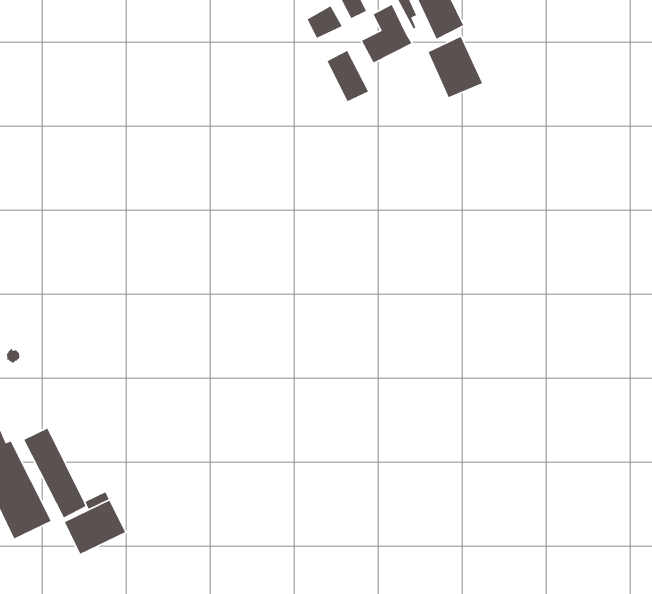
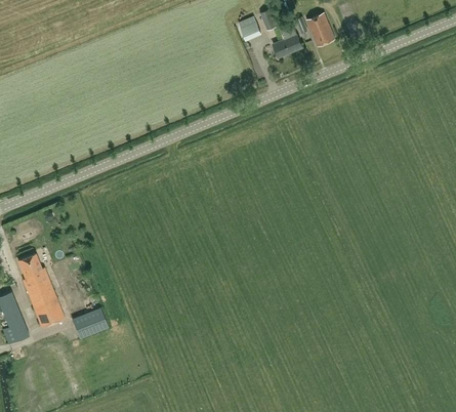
building: [427,36,483,98] -> none
building: [327,50,369,102] -> none

